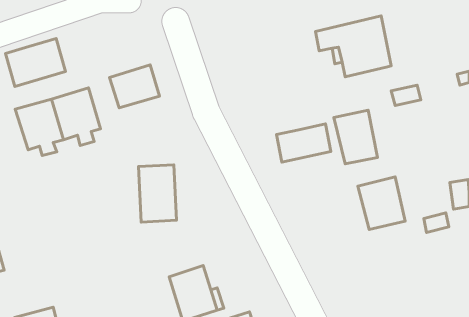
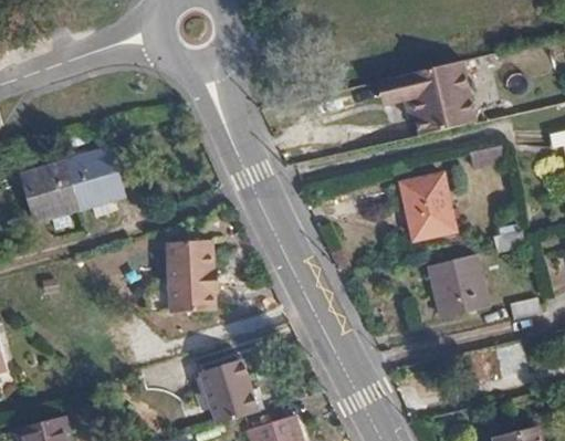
building: [5,38,65,86] -> none
building: [109,65,159,108] -> none
building: [276,124,331,162] -> none

